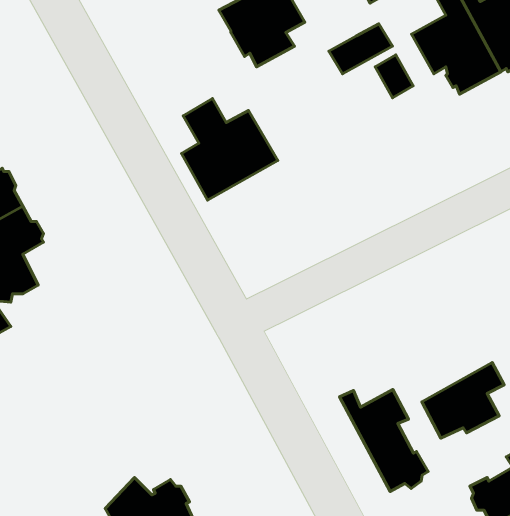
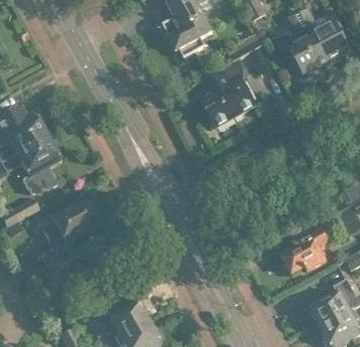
building: [182,99,278,200] -> [201,69,257,129]
building: none -> [40,202,96,272]
building: [339,389,428,491] -> none

